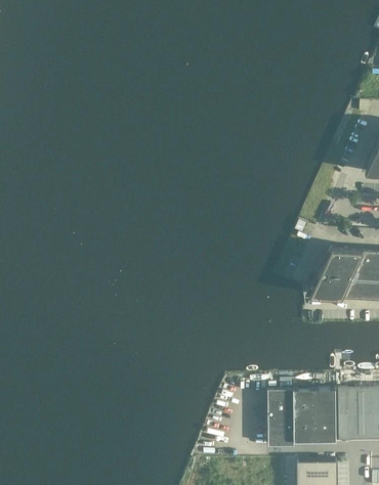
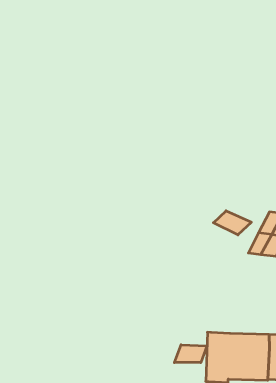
building: none -> [213,211,251,235]
building: none -> [174,345,207,363]

